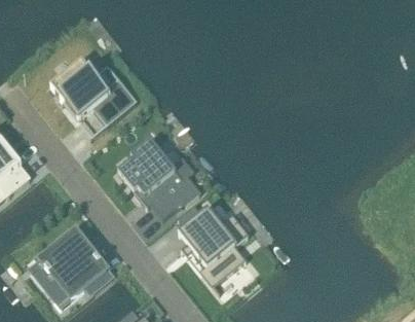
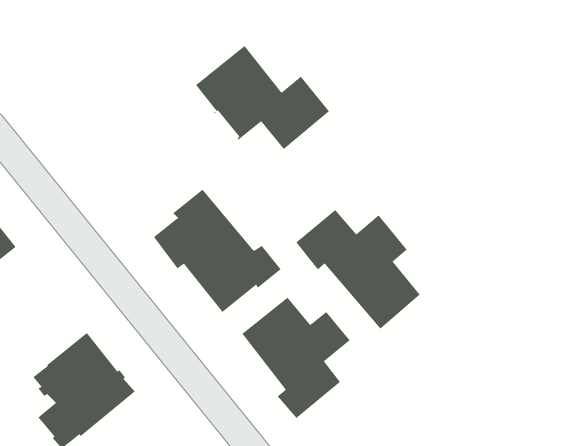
building: [51,59,138,126] -> [195,45,330,150]
building: none -> [295,209,421,329]

